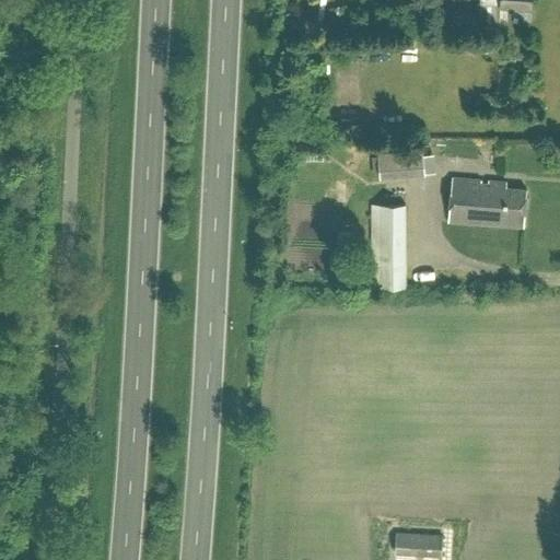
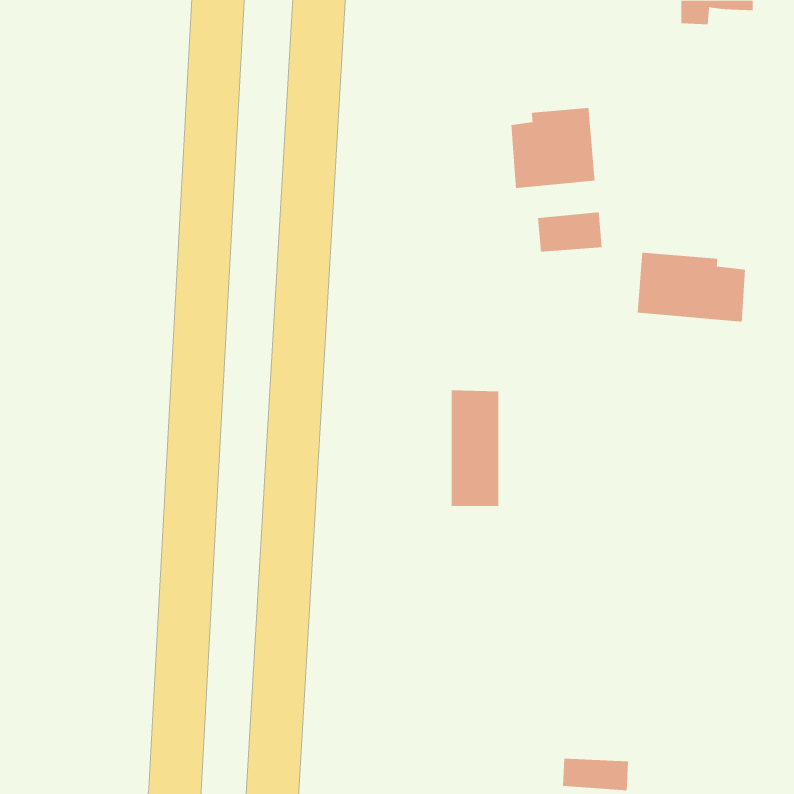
building: none -> [511,107,595,189]
building: [371,205,405,287] -> [451,390,499,507]

